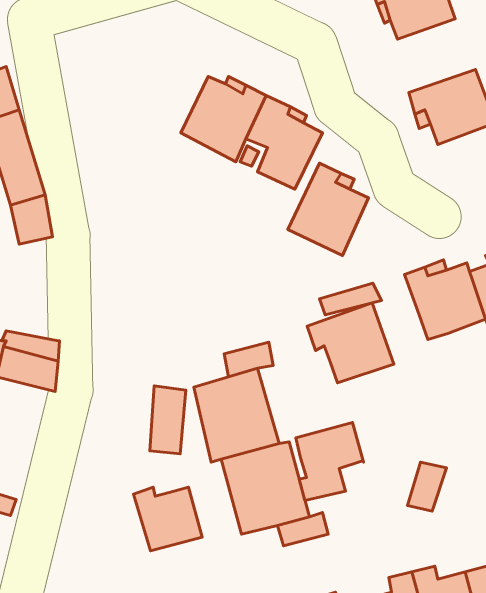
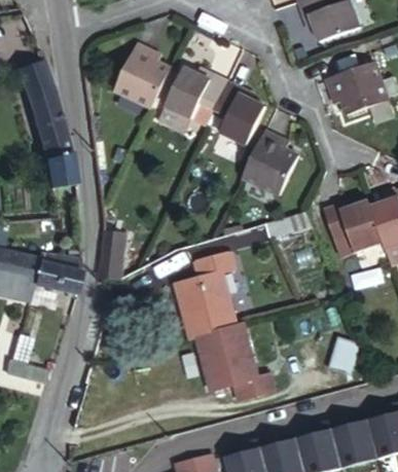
building: none -> [113,43,170,110]
building: [307,303,394,383] -> none
building: [150,386,186,454] -> [99,229,124,278]
building: [296,422,363,501] -> none
building: [133,487,202,551] -> none

